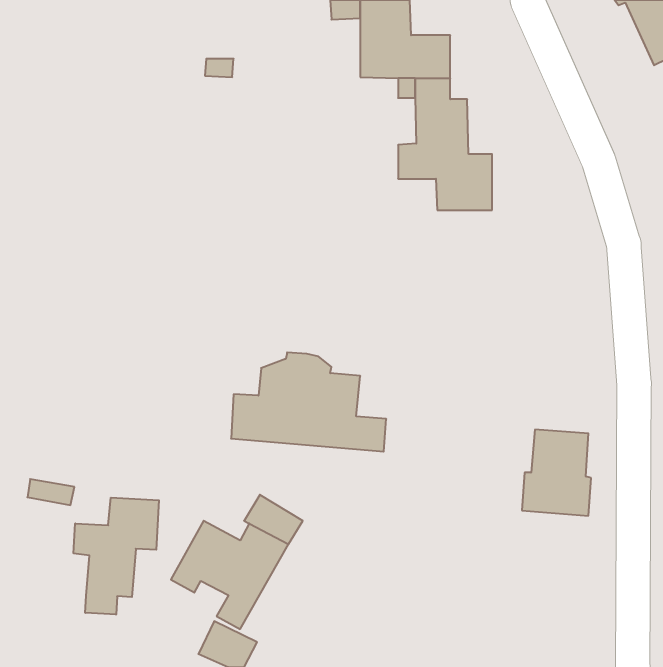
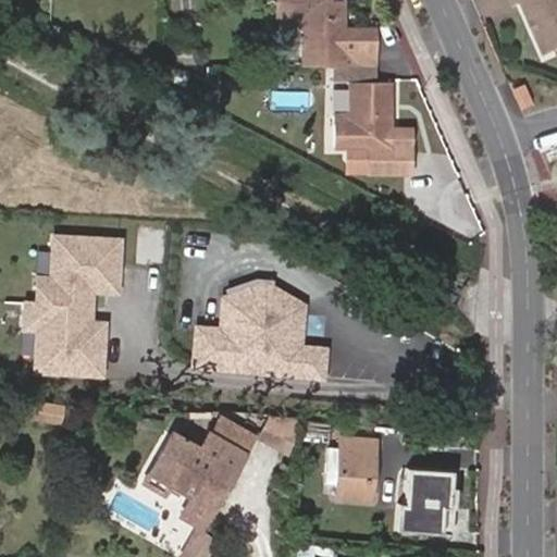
building: none -> [21,231,123,375]
building: [522,430,591,516] -> [398,462,456,534]
building: [74,498,159,615] -> none
building: none -> [337,441,377,497]

